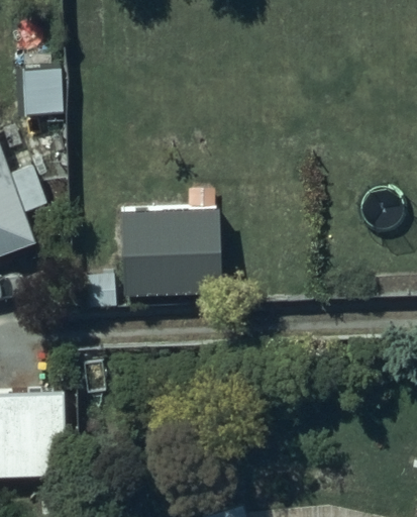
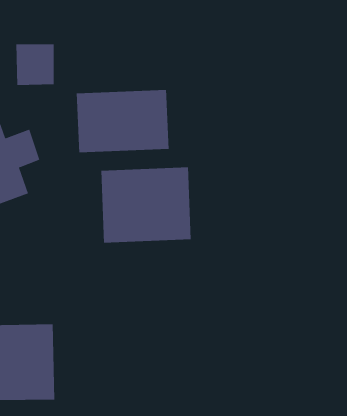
building: none -> [76,89,169,153]

